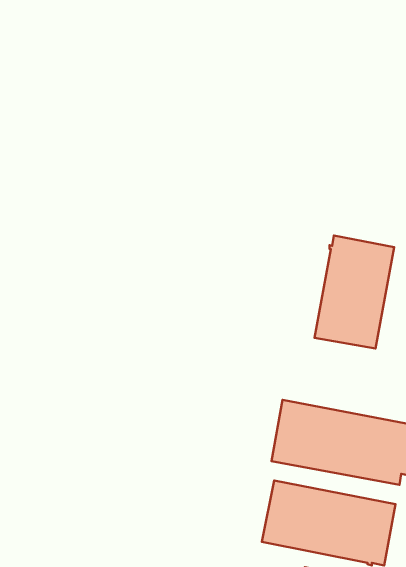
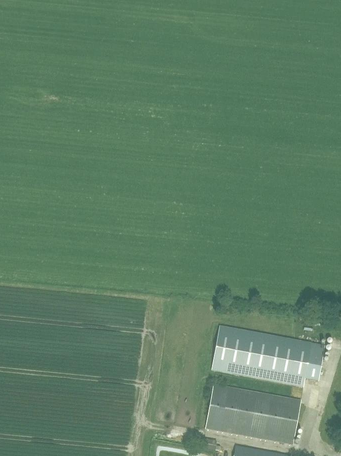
building: [315,235,394,349] -> none

